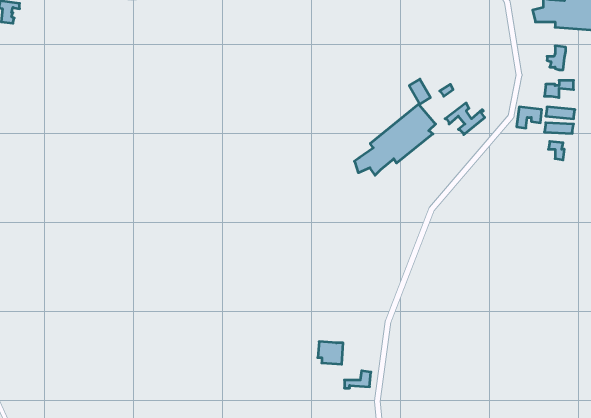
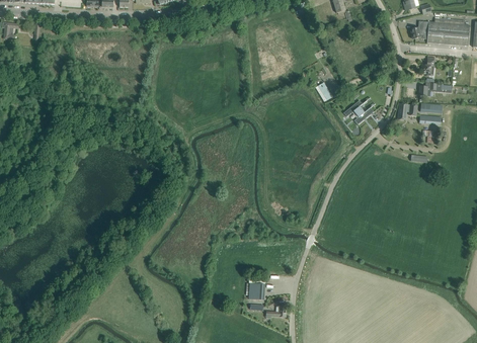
building: [354,104,436,175] -> none

